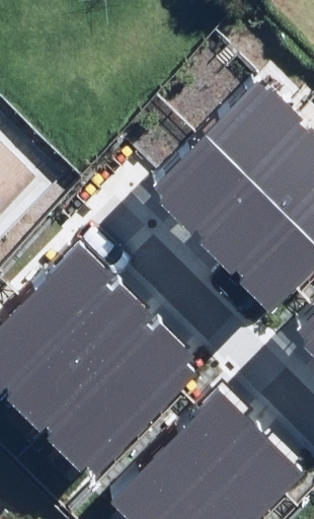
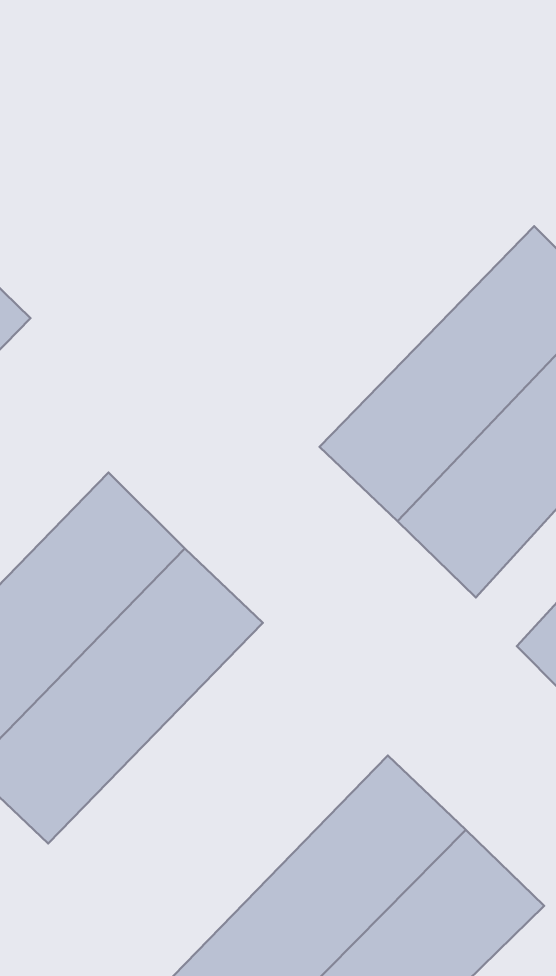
building: [147,82,299,235] -> none
building: [47,326,199,479] -> none

